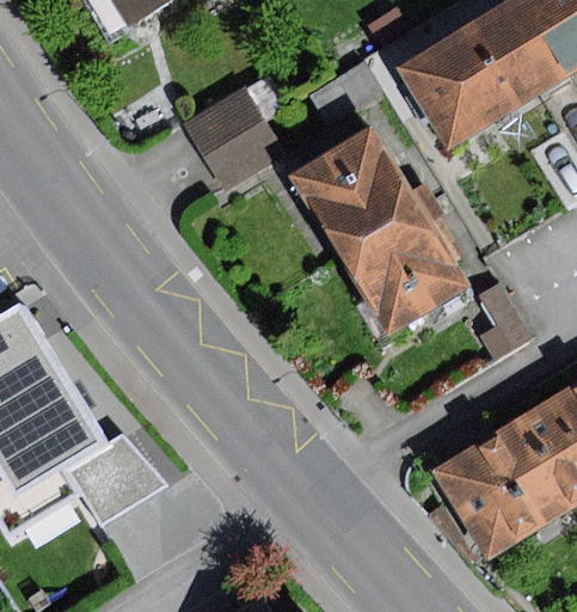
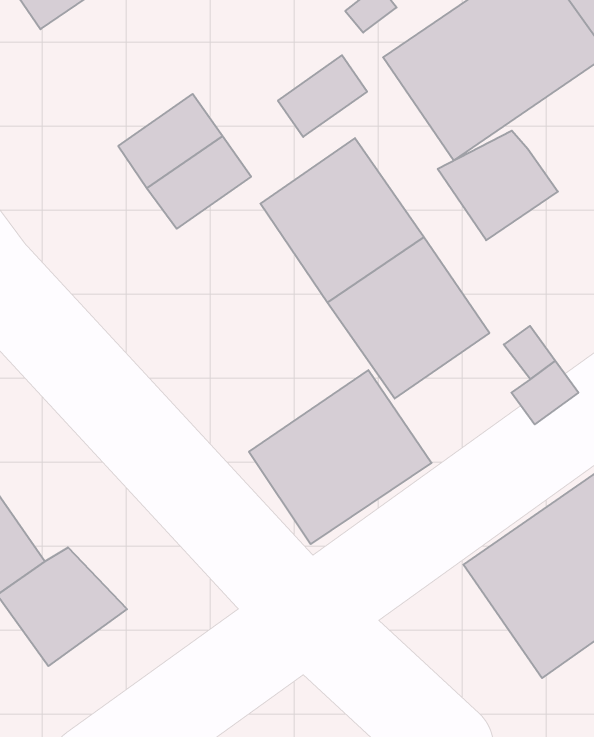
building: none -> [438,131,558,240]
building: none -> [249,370,432,544]

